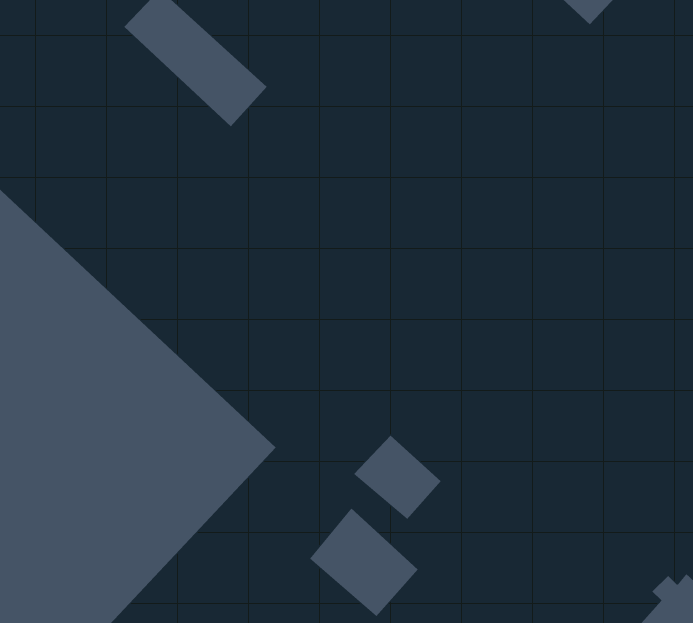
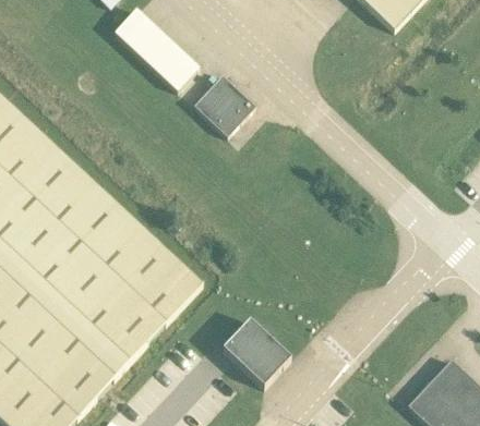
building: none -> [193,73,254,135]
building: [353,435,441,520] -> none

